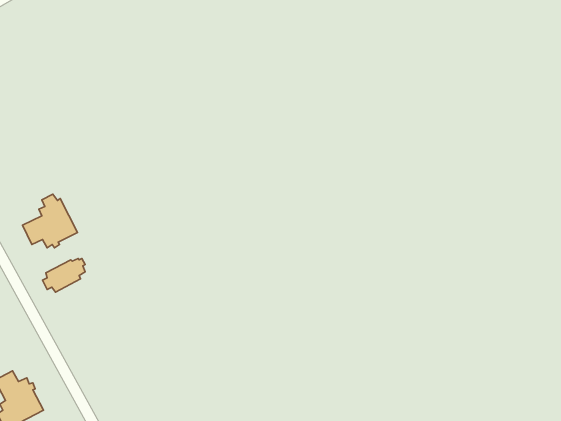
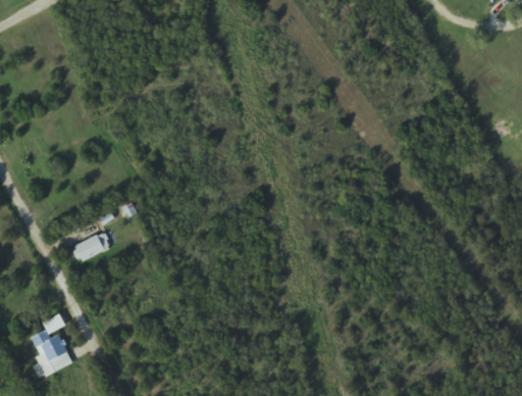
building: [22,194,78,248] -> none

